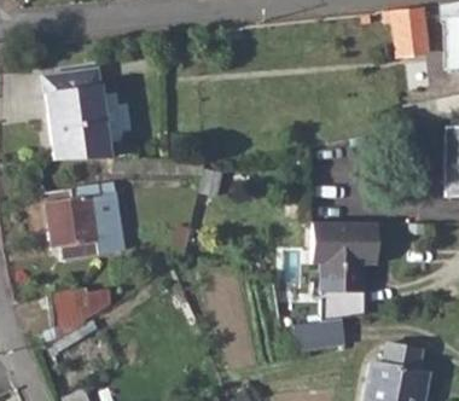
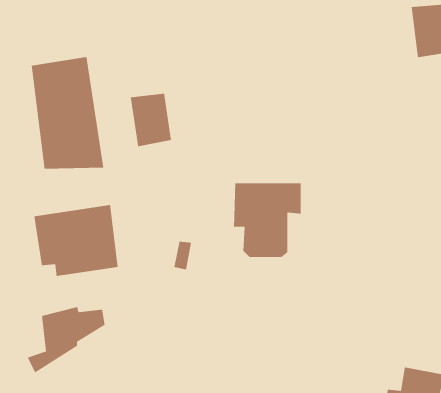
building: none -> [130,93,171,147]
building: [320,221,383,290] -> [233,183,301,257]
building: [292,318,345,353] -> none

